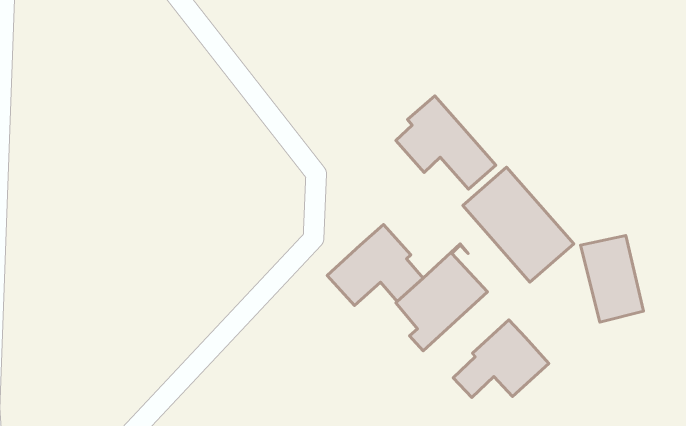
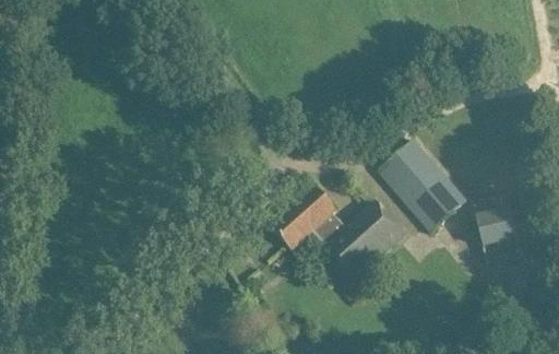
building: [396,96,496,189] -> none
building: [453,320,549,398] -> none

